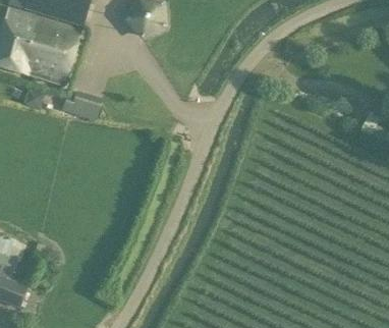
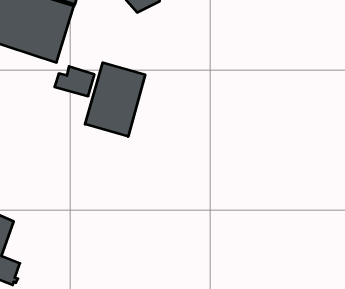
building: none -> [85,63,145,137]

